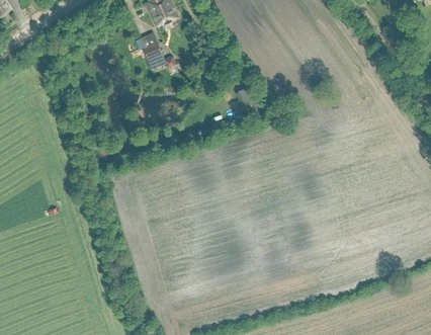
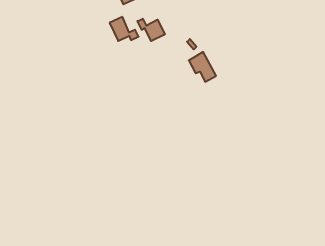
building: none -> [137,19,165,41]

